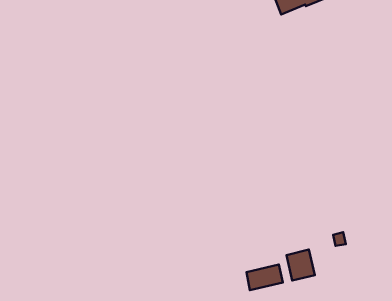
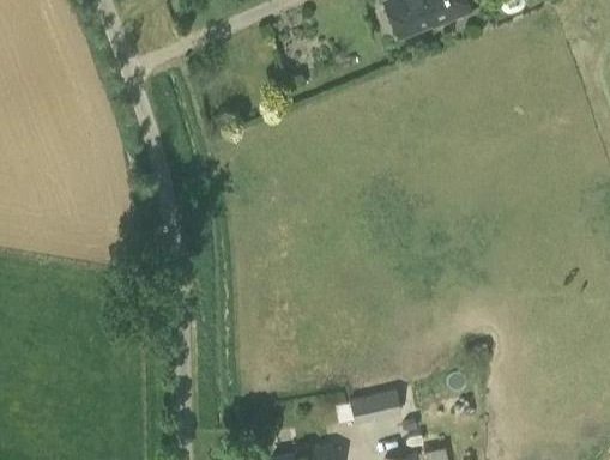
building: [287,249,315,280] -> none

